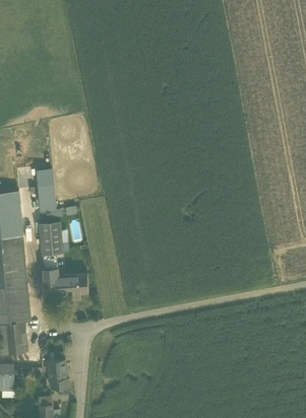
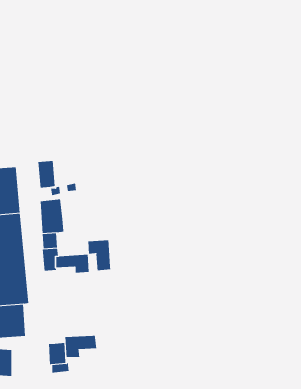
building: none -> [88,240,111,271]
building: none -> [65,335,97,358]

